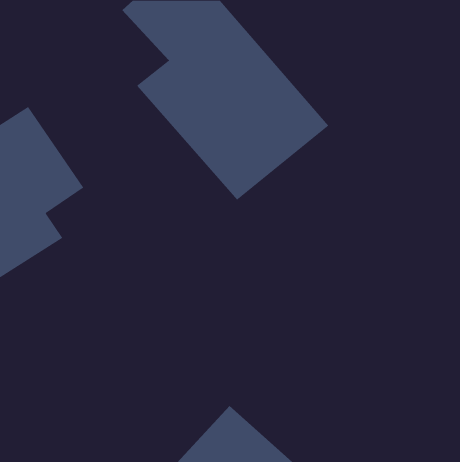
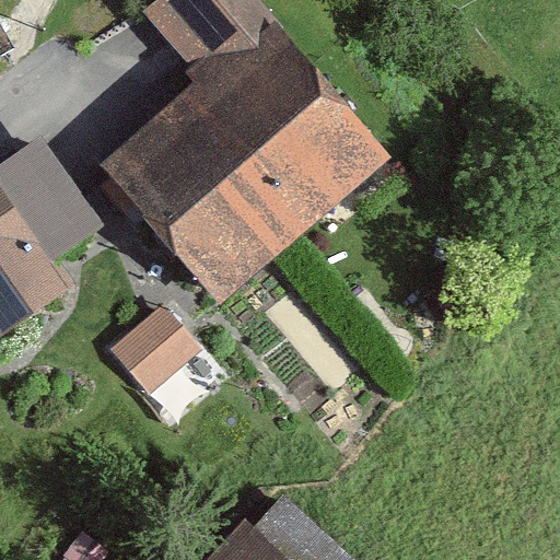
building: none -> [97,109,283,303]
building: none -> [100,303,194,394]

